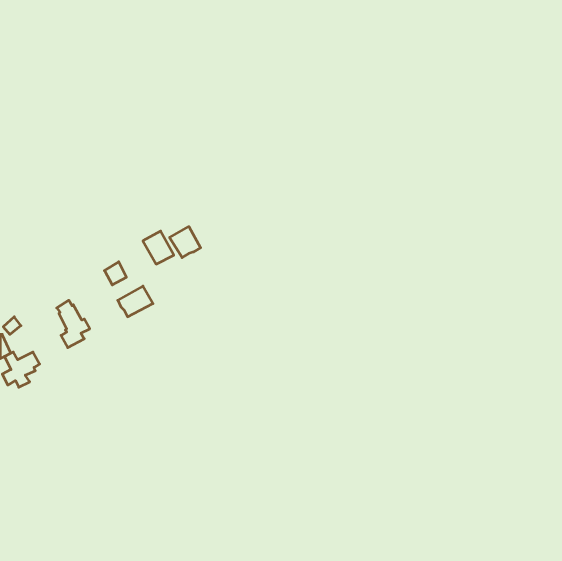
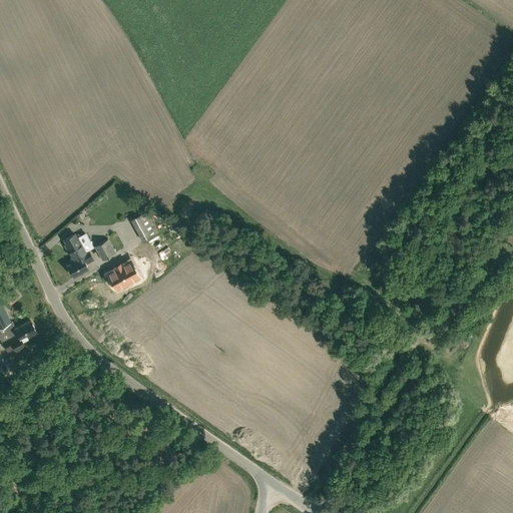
building: [170,227,201,258] -> none
building: [57,300,90,348] -> [63,233,93,277]

